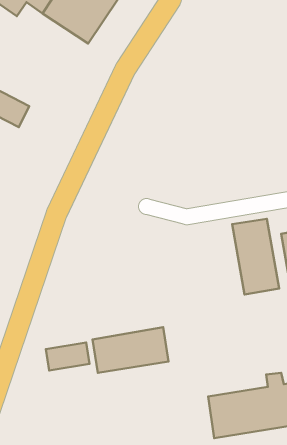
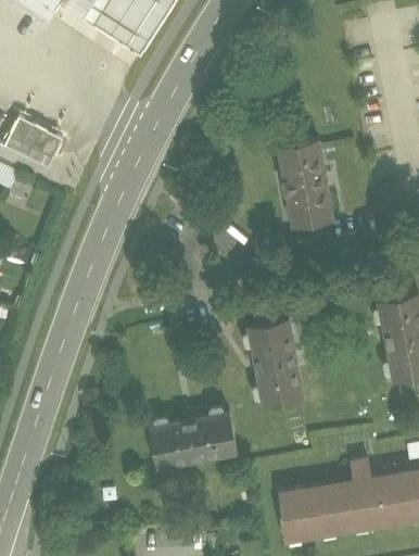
building: none -> [276,132,333,227]
building: [232,219,279,295] -> [245,309,303,403]
building: [46,342,90,371] -> none

